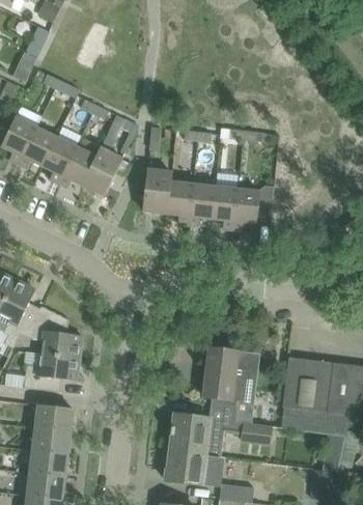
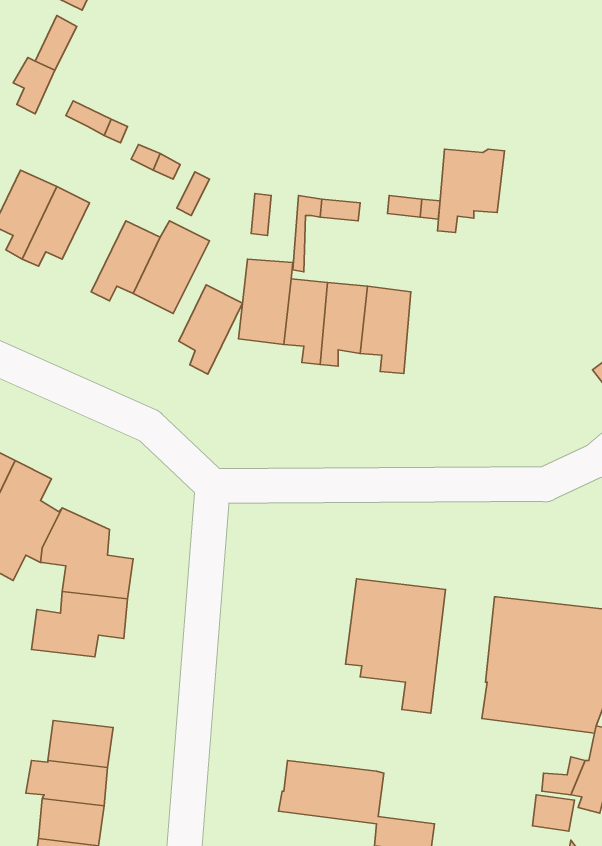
building: [40,133,77,184] -> [179,285,242,374]
building: [235,184,274,231] -> [437,149,505,233]
building: [169,403,272,457] -> none
building: [35,404,73,432] -> none

